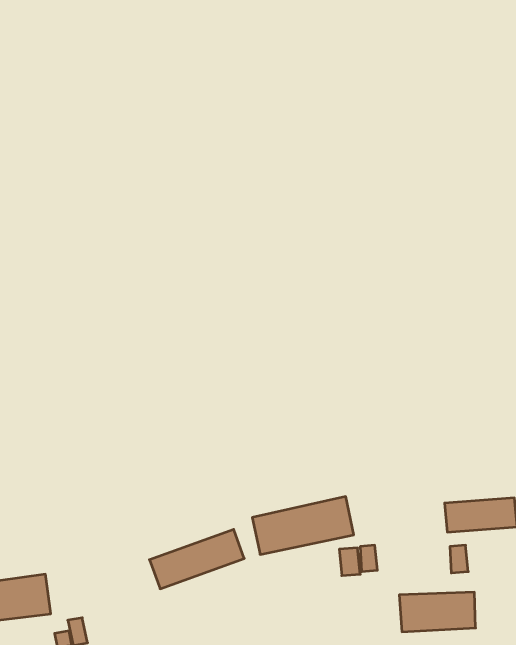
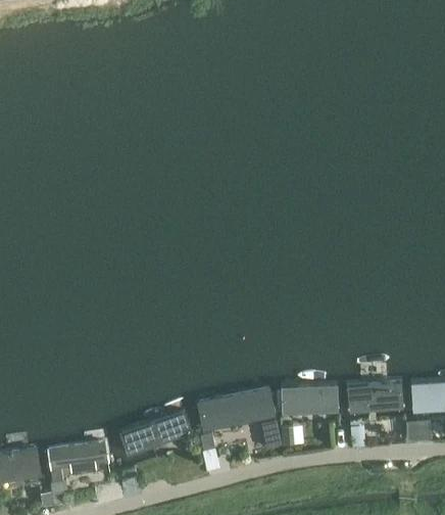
building: none -> [47,438,110,471]
building: [399,592,476,632] -> [280,384,339,415]

